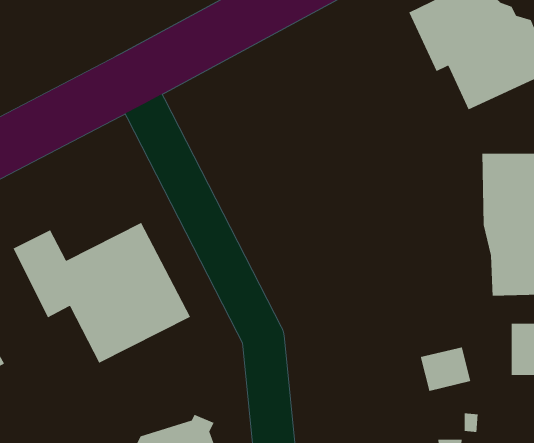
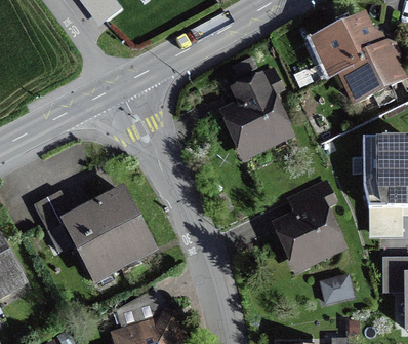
building: none -> [218,53,296,160]
building: none -> [272,177,349,272]

